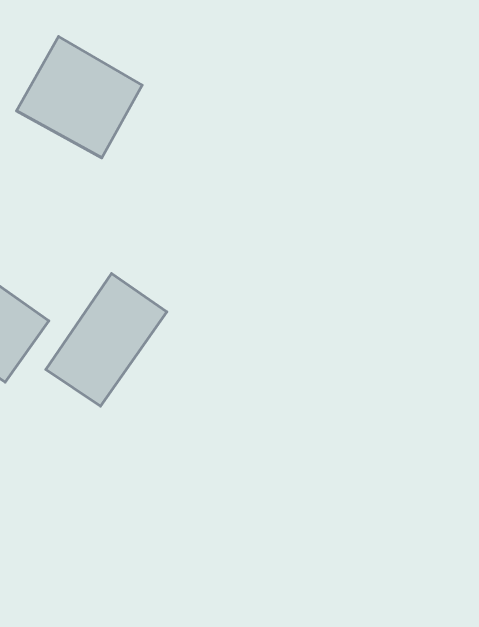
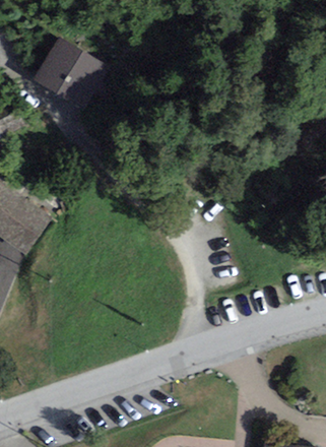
building: [46,274,167,406] -> none

